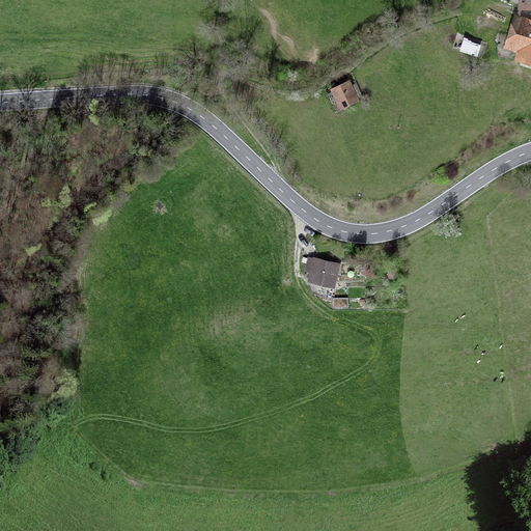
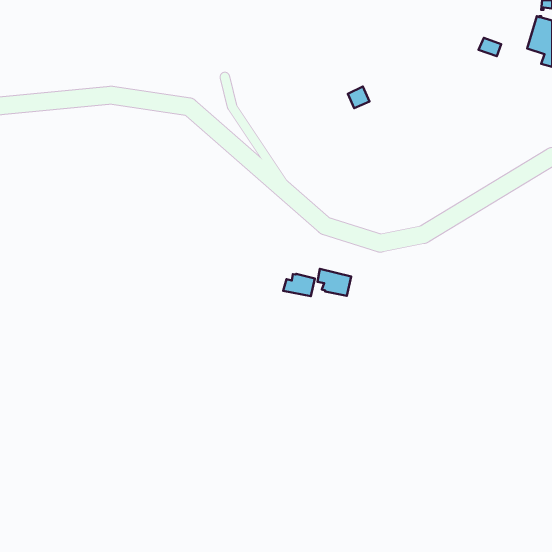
building: none -> [283,274,315,296]

